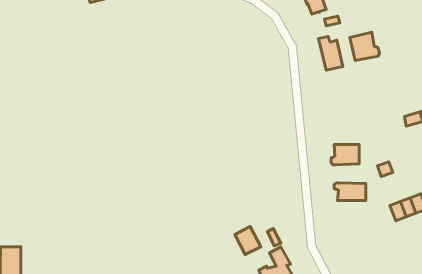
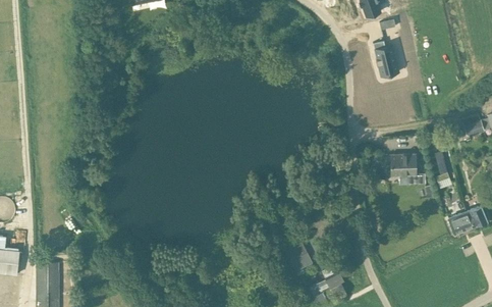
building: [350,32,379,60] -> none
building: [334,183,366,200] -> none

